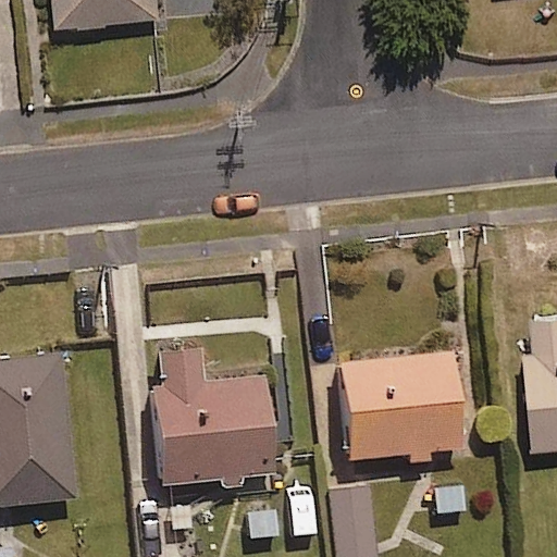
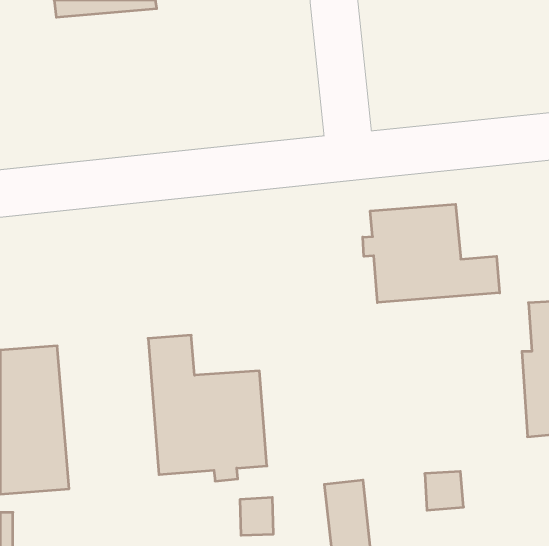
building: none -> [363,204,500,303]
building: [342,354,459,462] -> none

